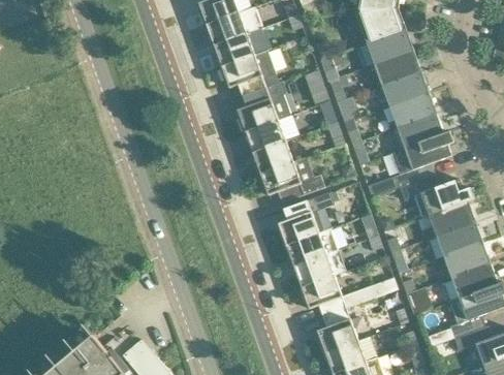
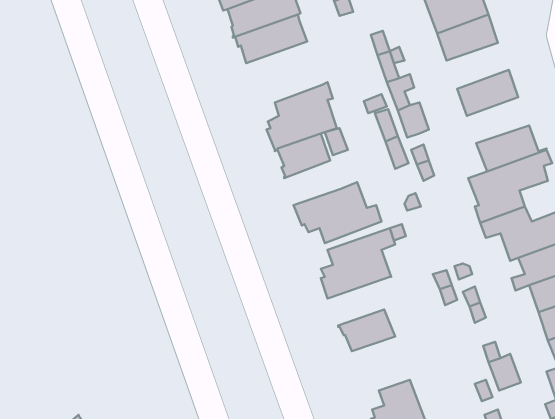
building: [218,50,279,96] -> none
building: [374,51,421,86] -> none
building: [389,92,437,127] -> none
building: [250,140,293,175] -> none
building: [286,229,338,267] -> none
building: [298,275,398,316] -> none

